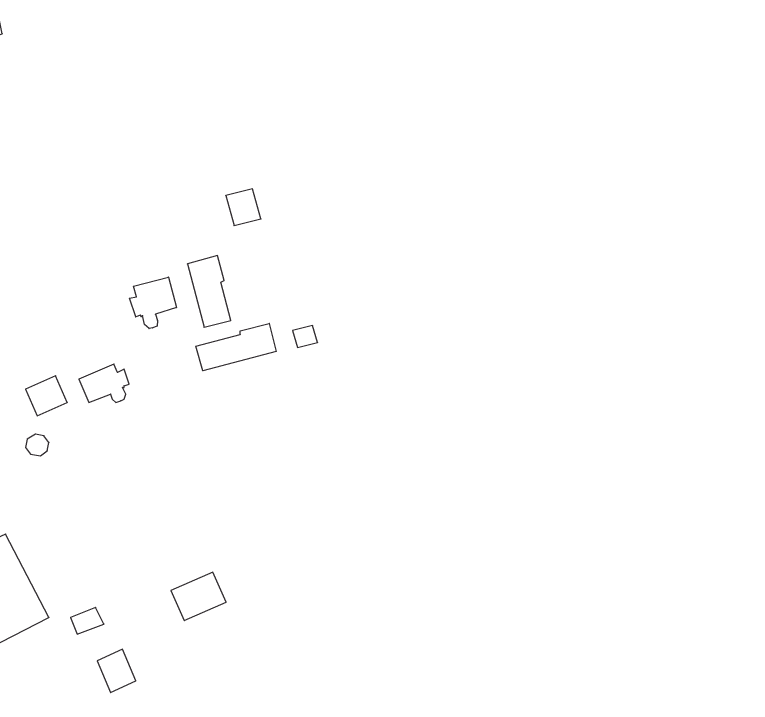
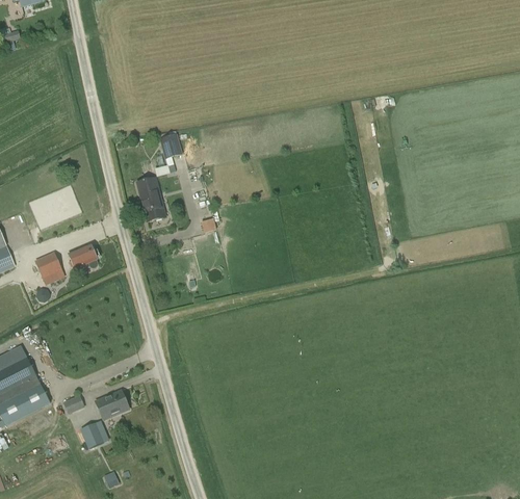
building: [129,277,176,329] -> none
building: [196,323,276,371] -> none
building: [171,572,226,621] -> [95,390,129,420]

